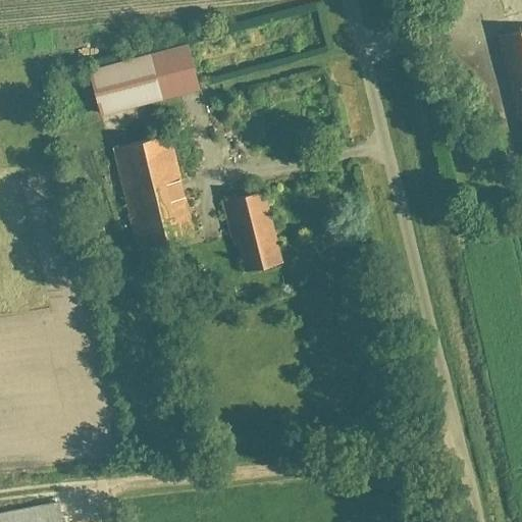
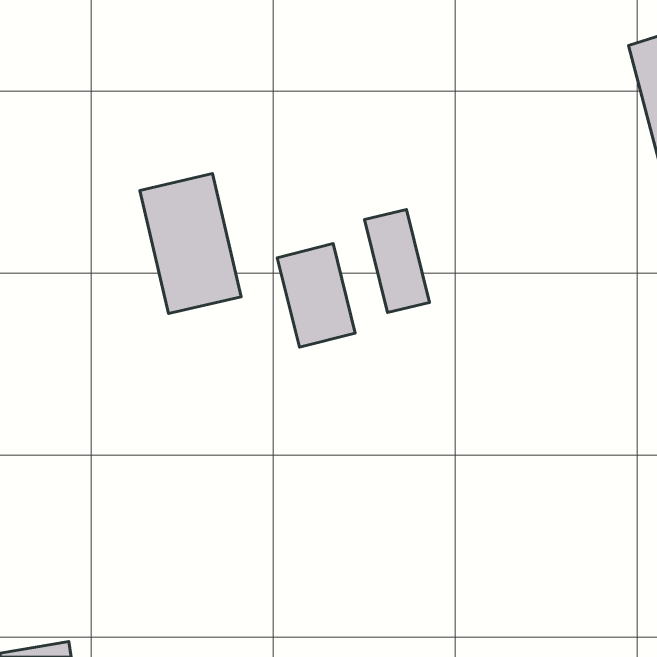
building: [90,48,201,112] -> none
building: none -> [365,210,430,312]

